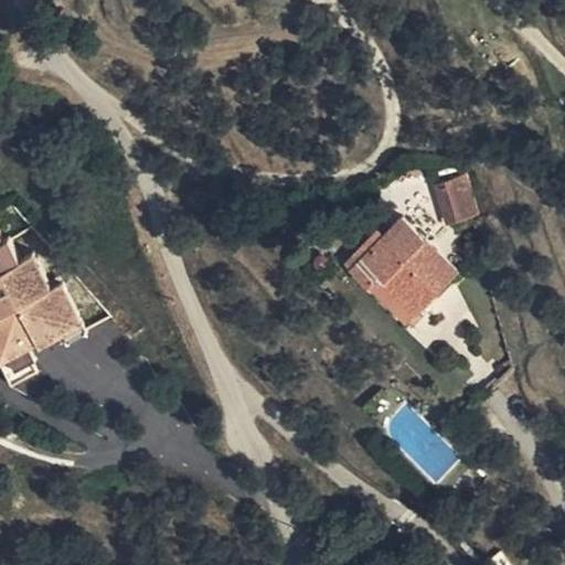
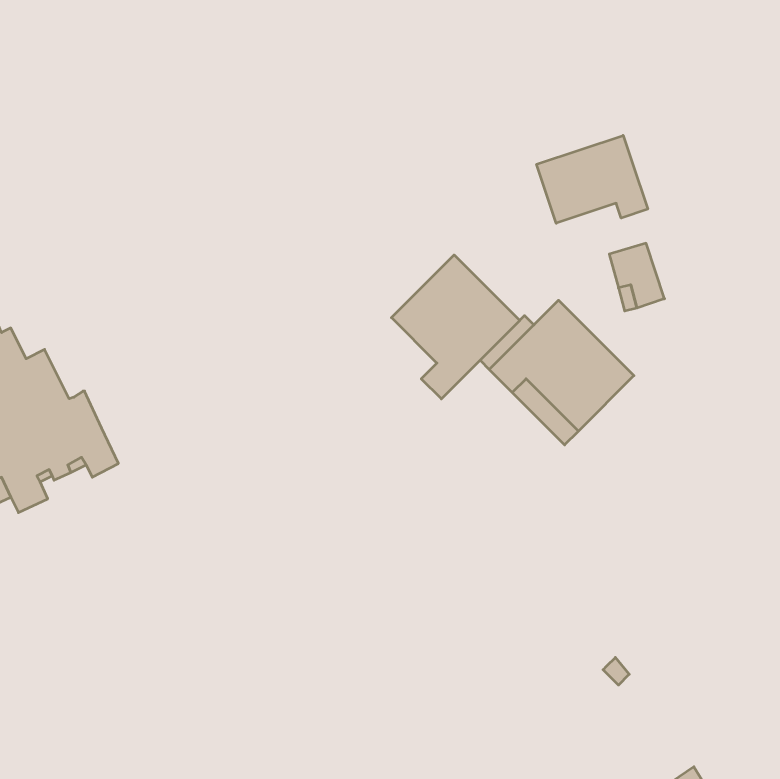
building: none -> [537,135,648,223]
building: none -> [391,255,520,399]

